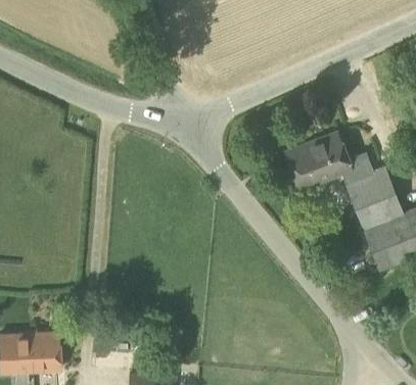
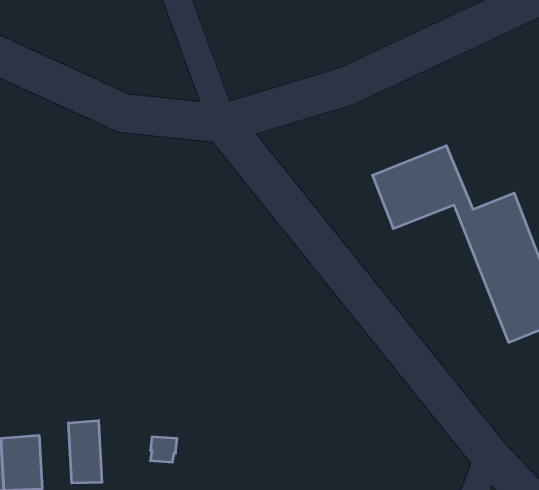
building: none -> [68,420,102,483]

